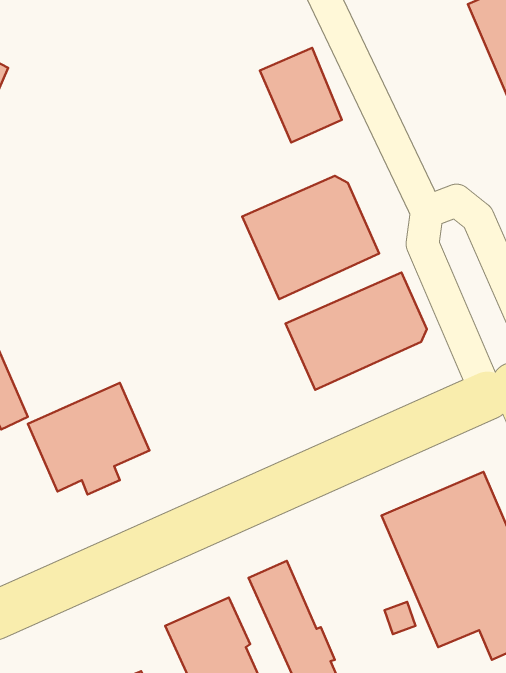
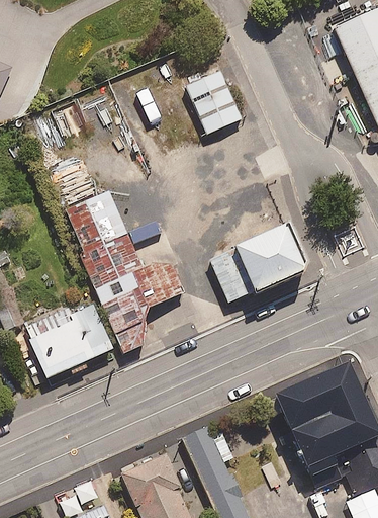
building: [242,176,379,299] -> none
building: none -> [62,190,183,353]

